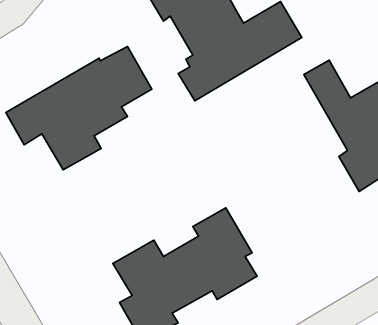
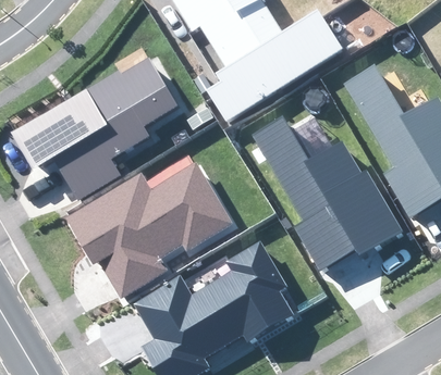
building: none -> [255,118,404,265]
building: none -> [65,161,234,296]

